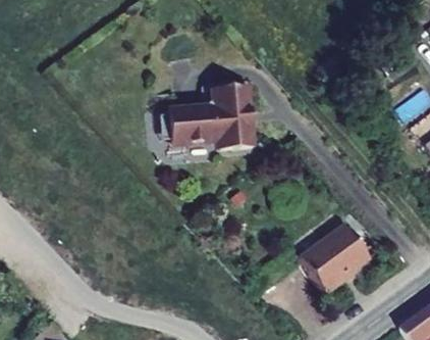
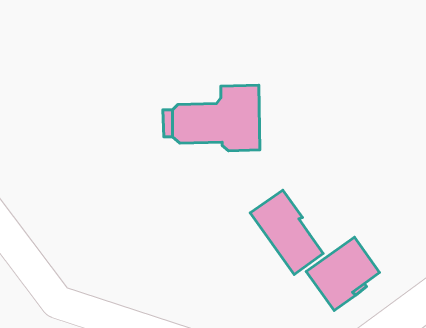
building: none -> [250,190,323,275]

